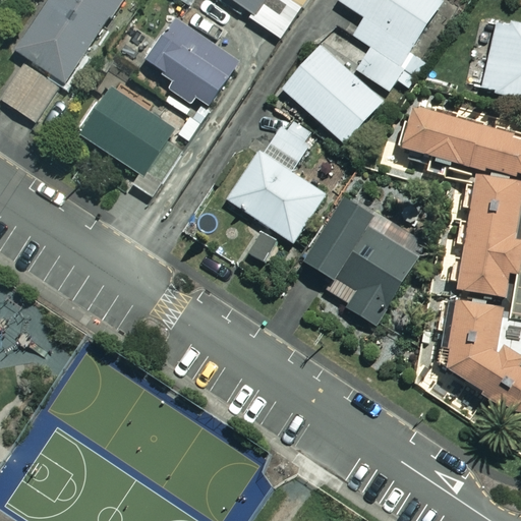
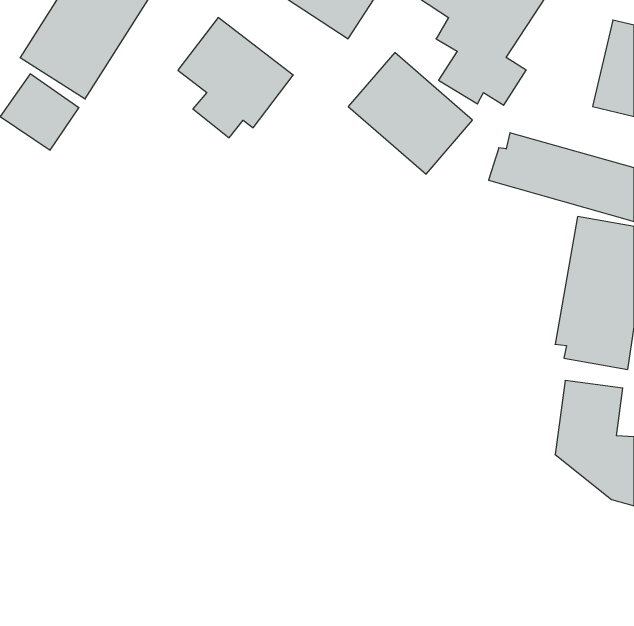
building: [82,81,177,193] -> none
building: [228,121,326,240] -> none
building: [307,198,420,324] -> none

